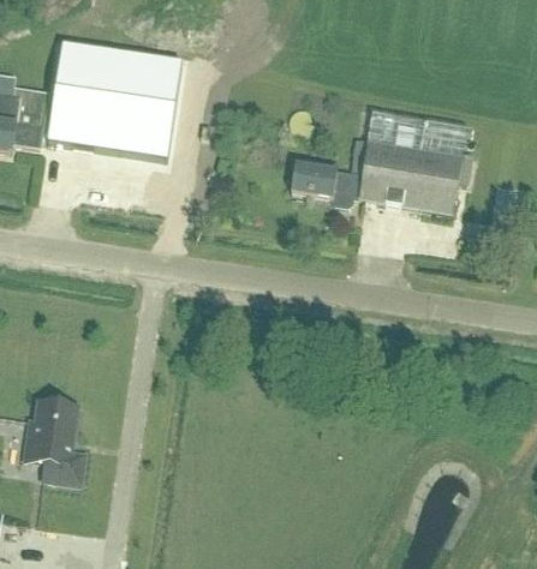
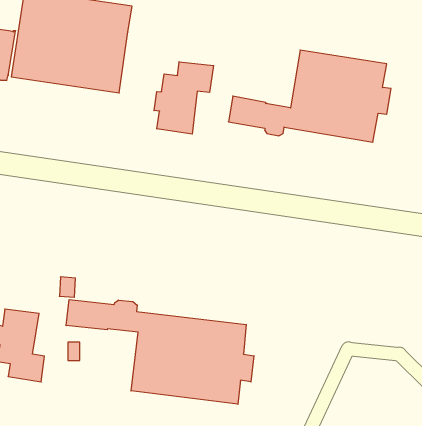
building: none -> [154,62,214,134]
building: none -> [66,300,254,404]

